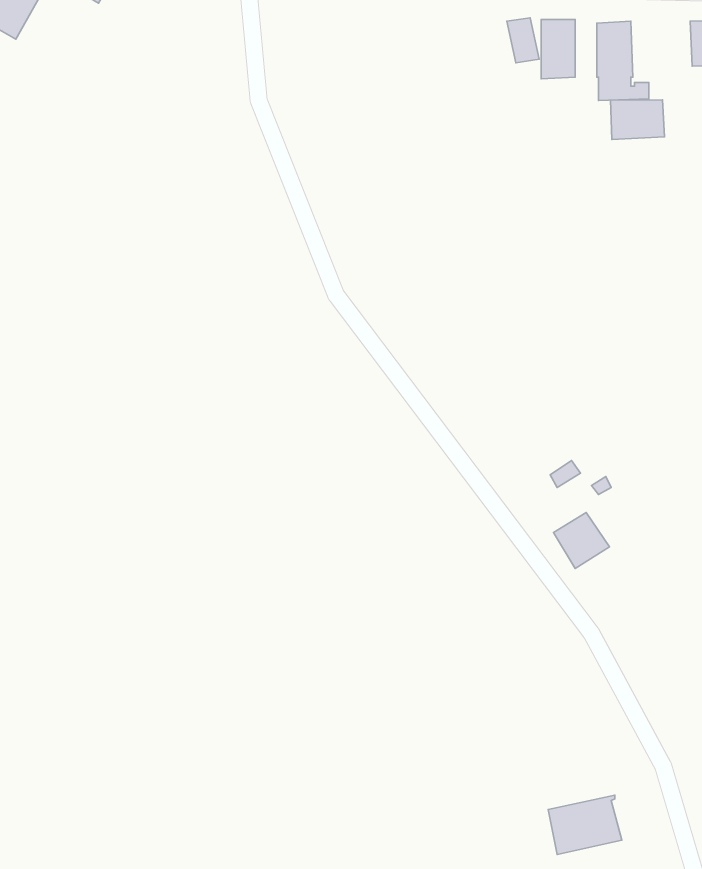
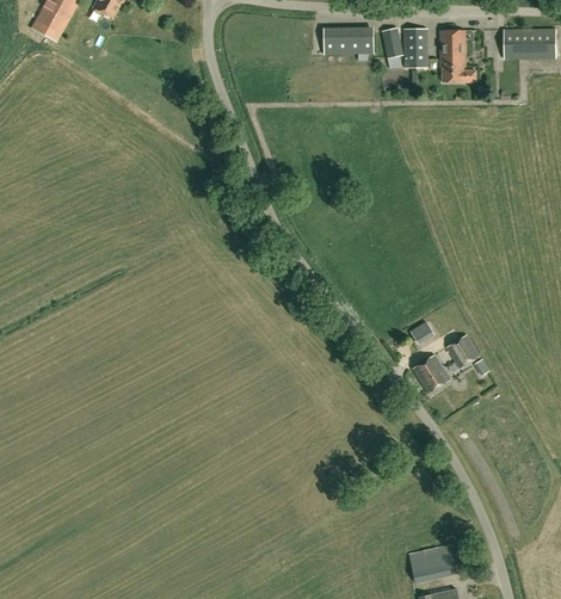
building: none -> [322,26,372,54]
building: [611,100,664,140] -> none
building: none -> [445,335,479,369]

